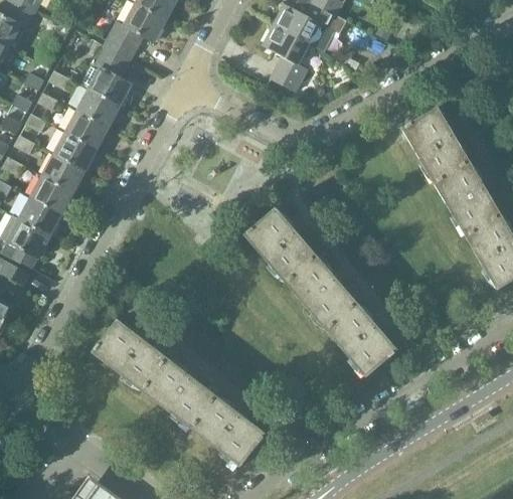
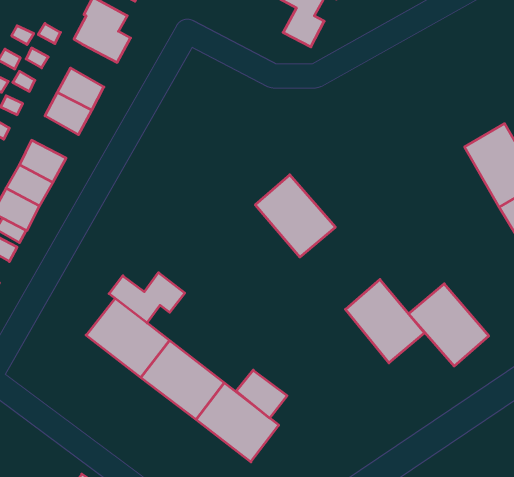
building: [77,90,120,128] -> none
building: [401,108,470,182] -> none
building: [42,154,84,192] -> none
building: [285,255,357,329] -> [409,284,489,366]
building: none -> [109,273,185,323]
building: none -> [236,370,287,418]

